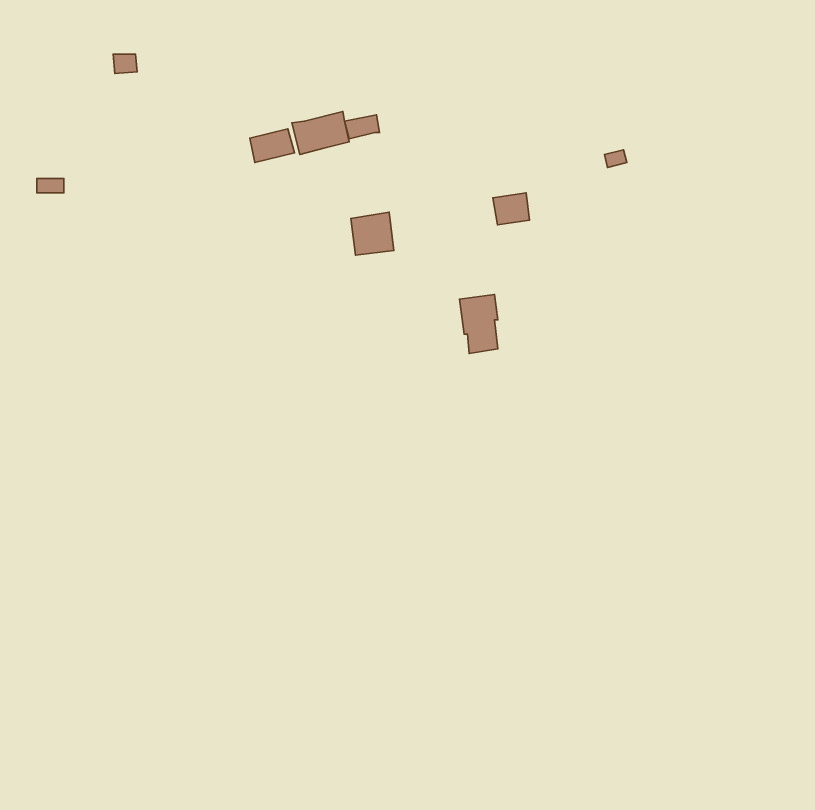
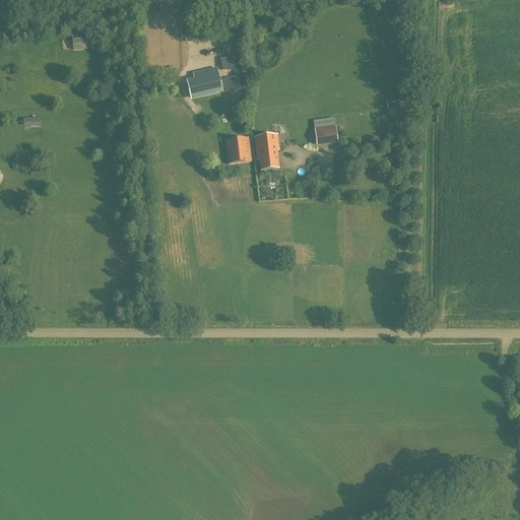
building: [250,129,294,163] -> none
building: [459,294,498,353] -> [254,132,278,170]

